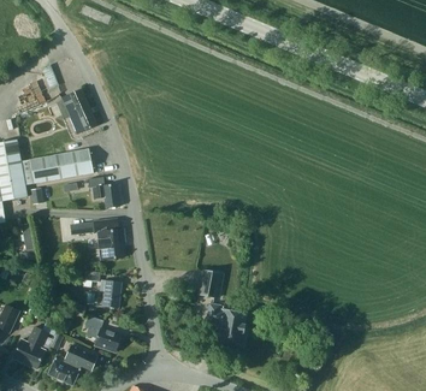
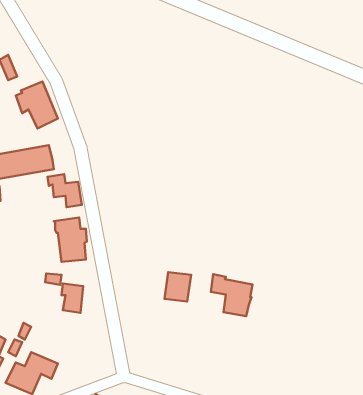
building: [206,303,245,343] -> [211,274,253,316]
building: [84,315,120,351] -> none

